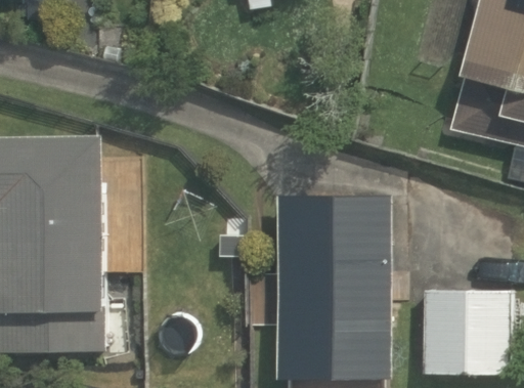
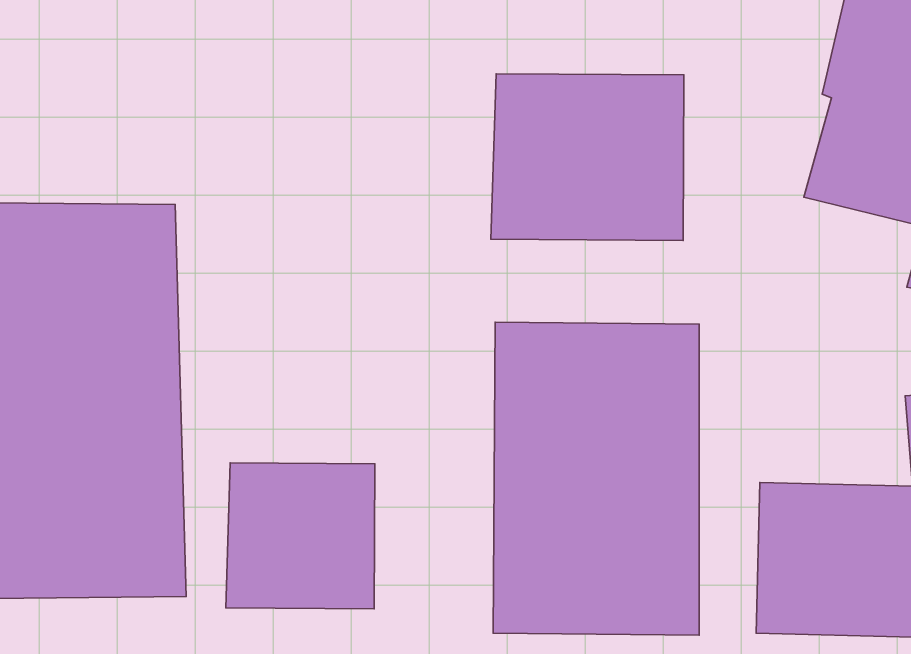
building: none -> [491,74,684,240]
building: none -> [226,463,375,609]

